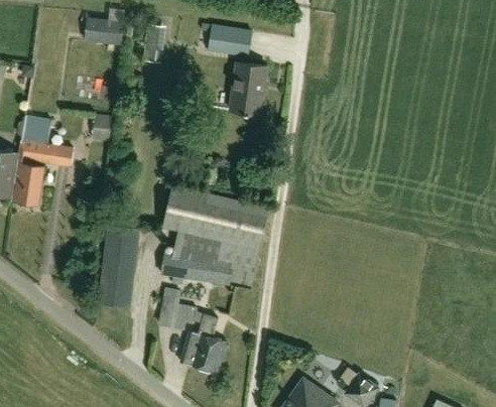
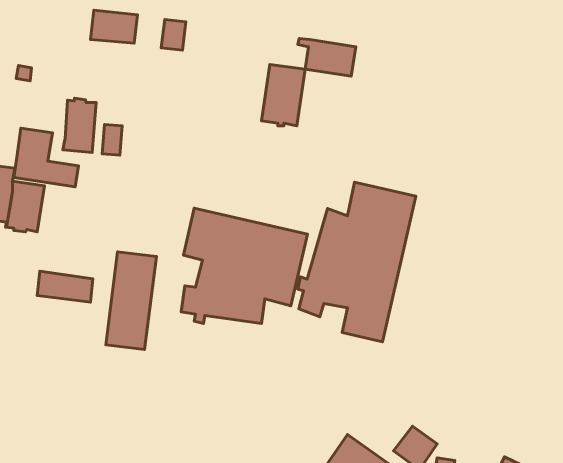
building: [202,24,251,56] -> [298,38,356,76]
building: none -> [63,98,96,152]
building: none -> [298,182,416,342]
building: none -> [37,271,93,302]
building: [159,298,227,373] -> none

